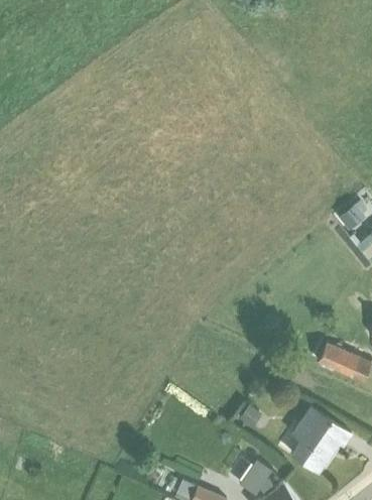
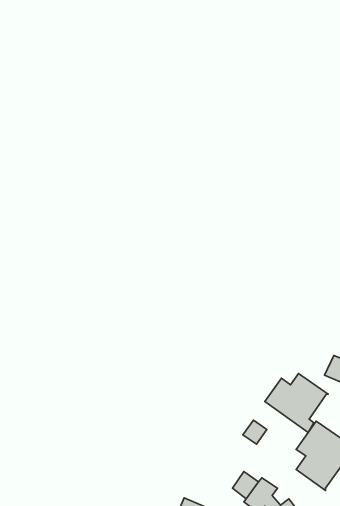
building: none -> [265,374,328,433]

